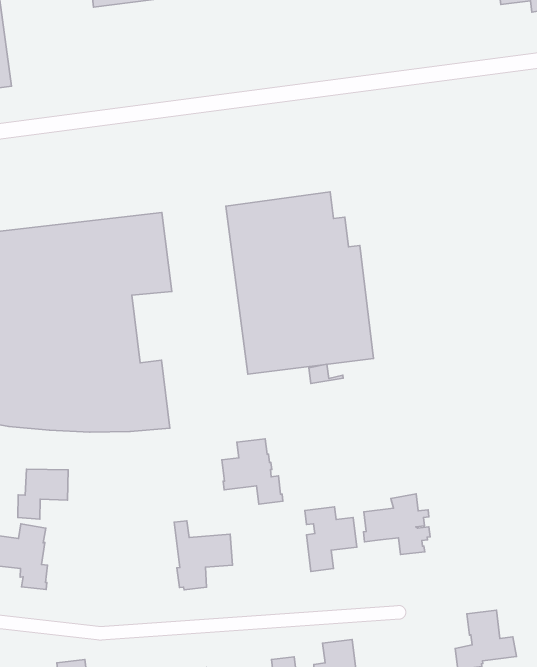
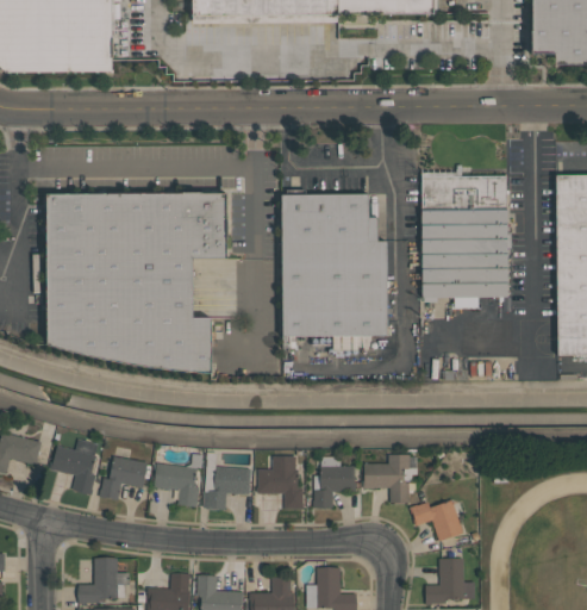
building: none -> [423,170,508,309]
building: [222,439,283,504] -> [257,455,305,509]
building: [18,469,68,519] -> [101,456,148,499]
building: none -> [154,462,200,506]
building: none -> [410,499,464,540]

